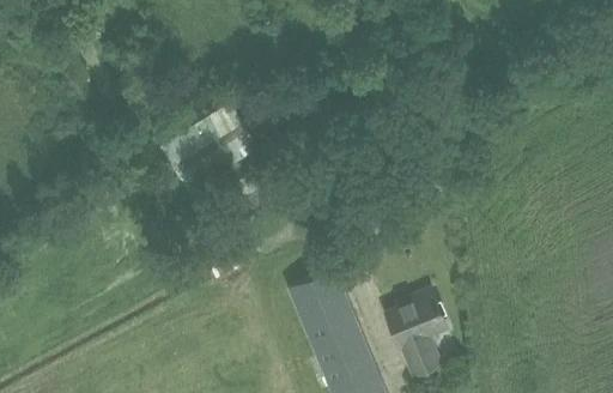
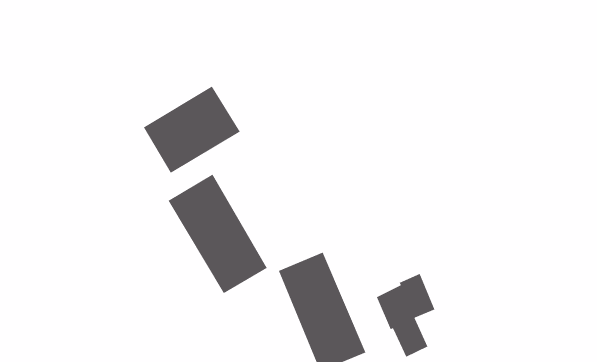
building: none -> [168,173,268,294]

